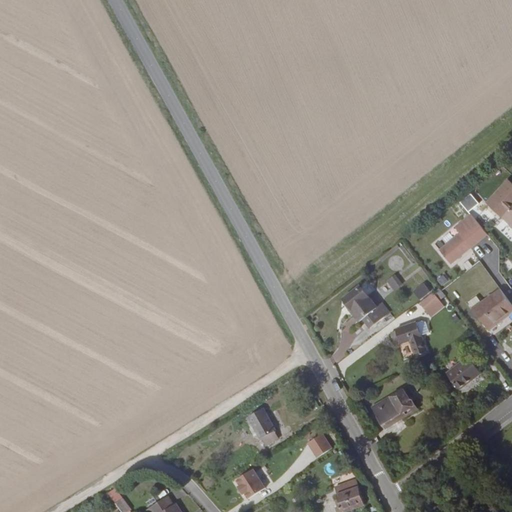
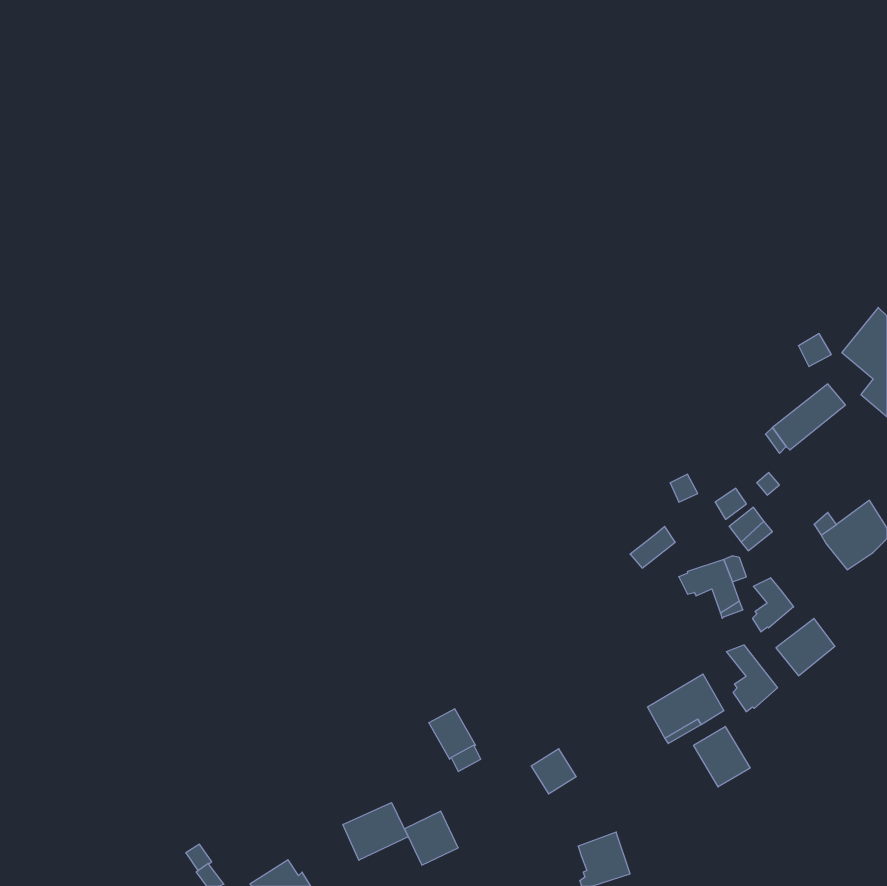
building: [344,286,377,321] -> none
building: none -> [753,578,794,632]
building: none -> [726,645,777,712]
building: none -> [694,726,750,787]
building: none -> [343,803,408,860]

